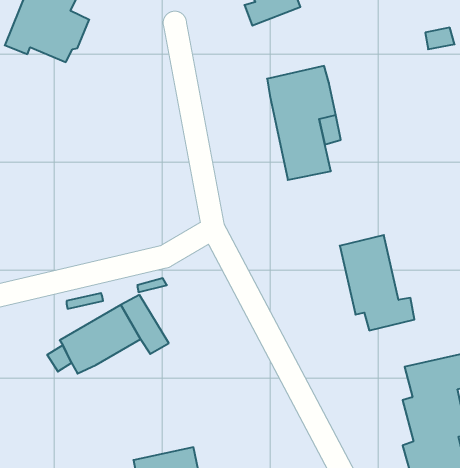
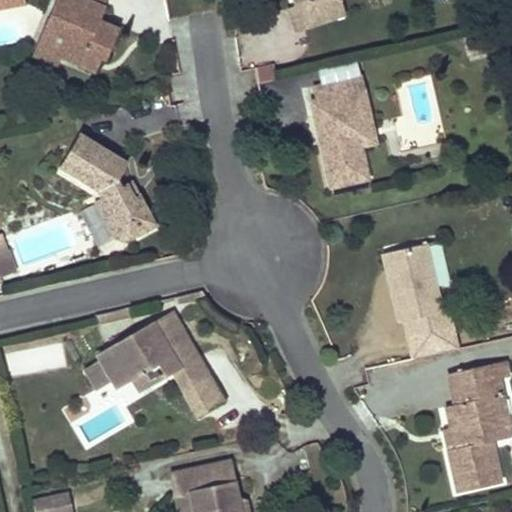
building: none -> [57,129,161,241]
building: none -> [409,333,460,365]
building: none -> [176,357,230,414]

